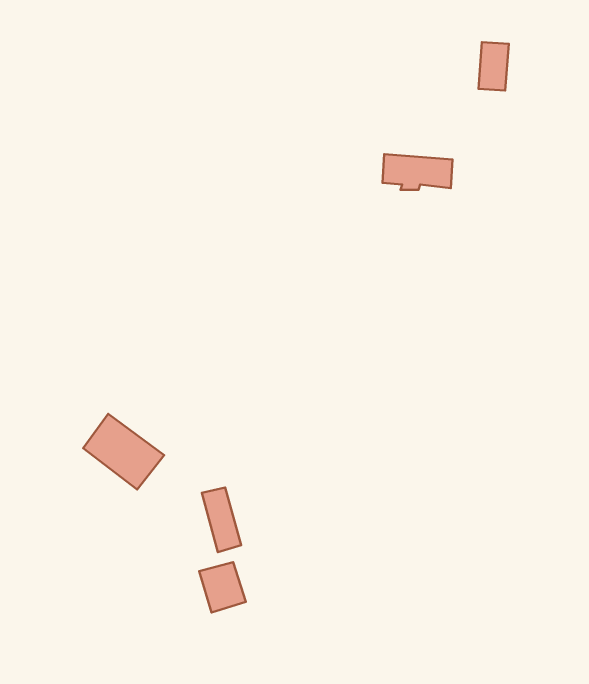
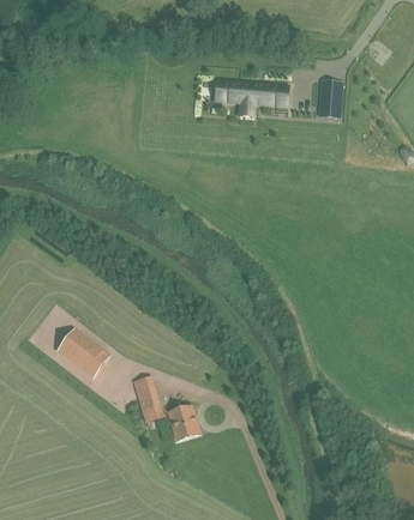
building: [382,154,453,190] -> [228,80,275,104]
building: [199,562,246,613] -> [168,406,199,440]

